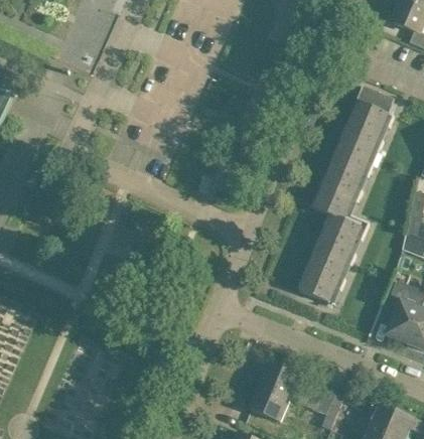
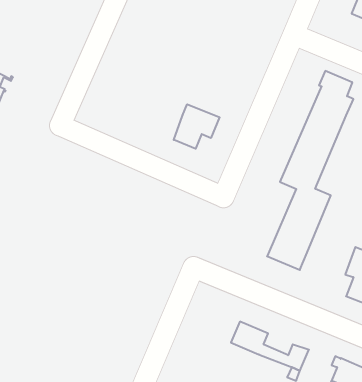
building: none -> [174,104,220,149]
building: [247,385,288,421] -> none

